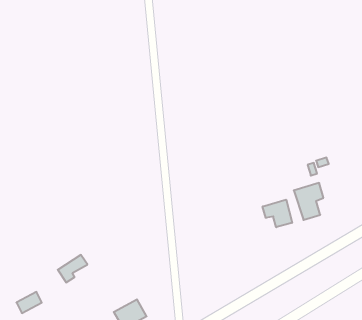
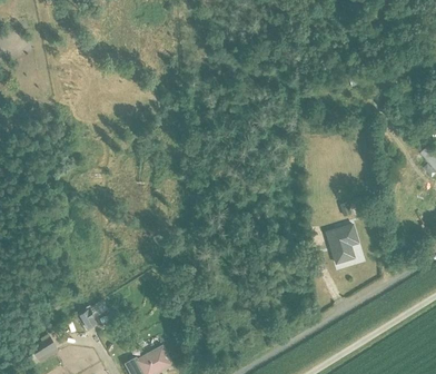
building: [263,200,292,227] -> none

